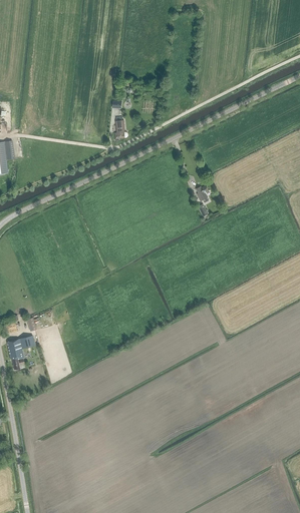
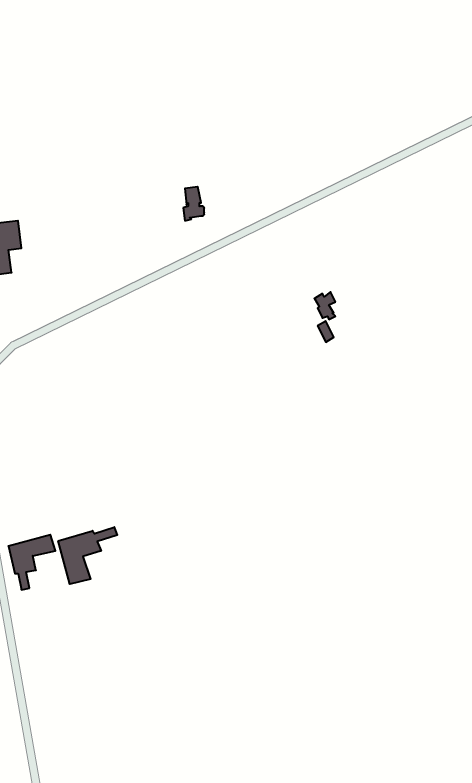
building: none -> [58,527,117,584]

